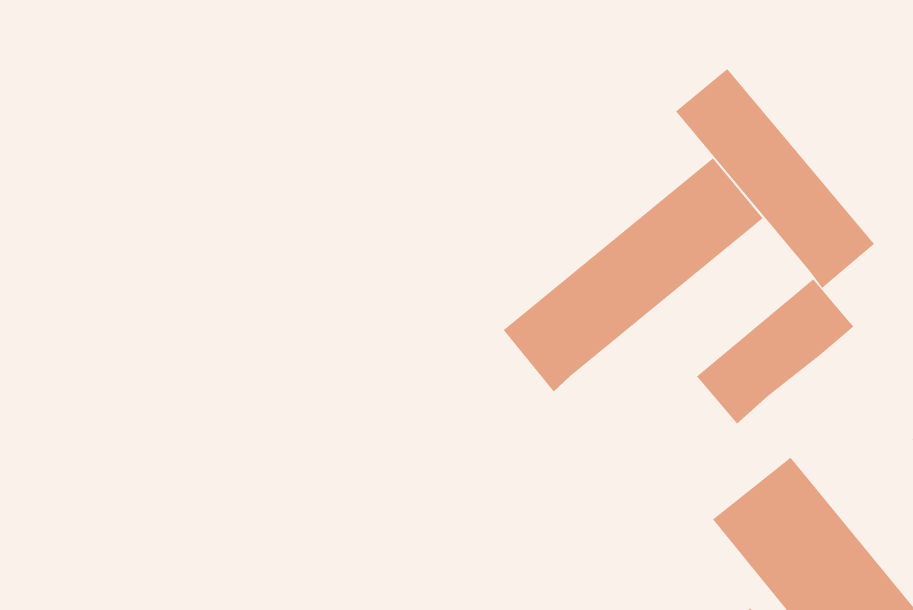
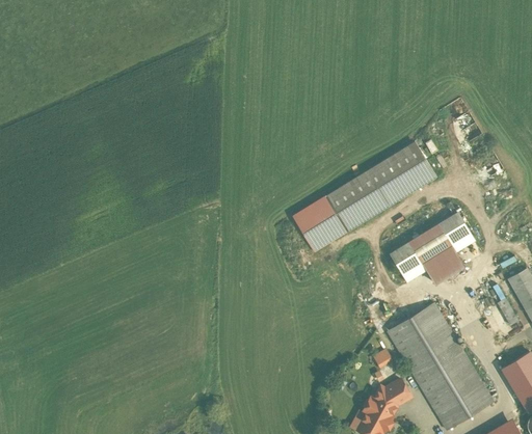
building: [675,68,875,289] -> none
building: none -> [426,252,463,282]

